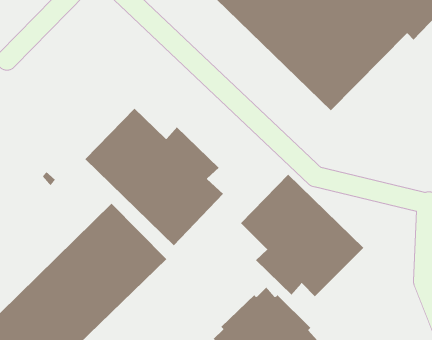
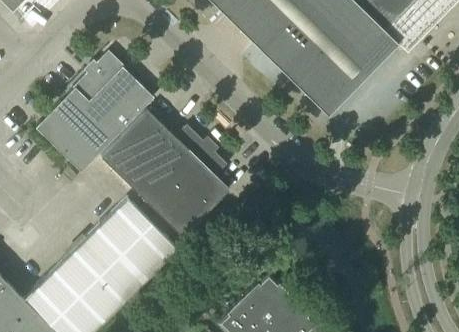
building: none -> [36,52,154,173]
building: [240,174,364,297] -> none

